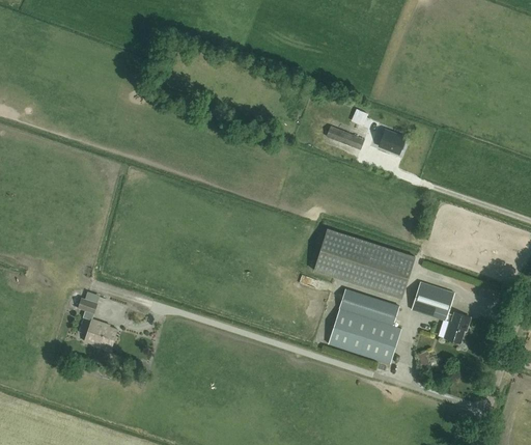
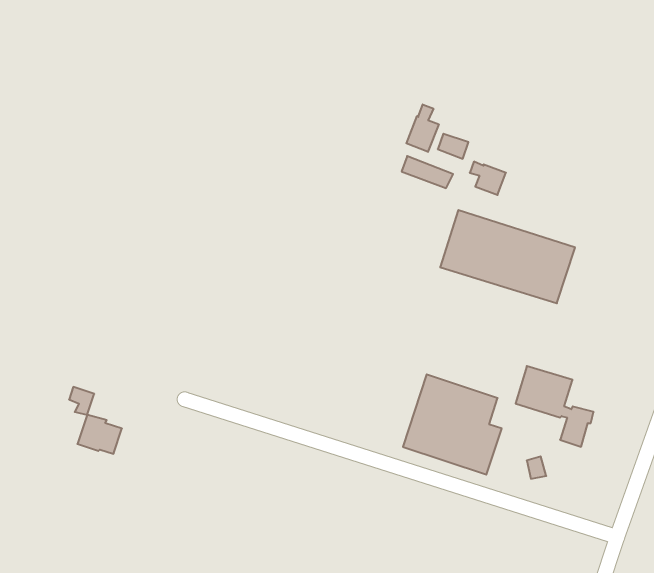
building: none -> [406,104,439,152]
building: [313,228,414,298] -> [440,210,575,303]

